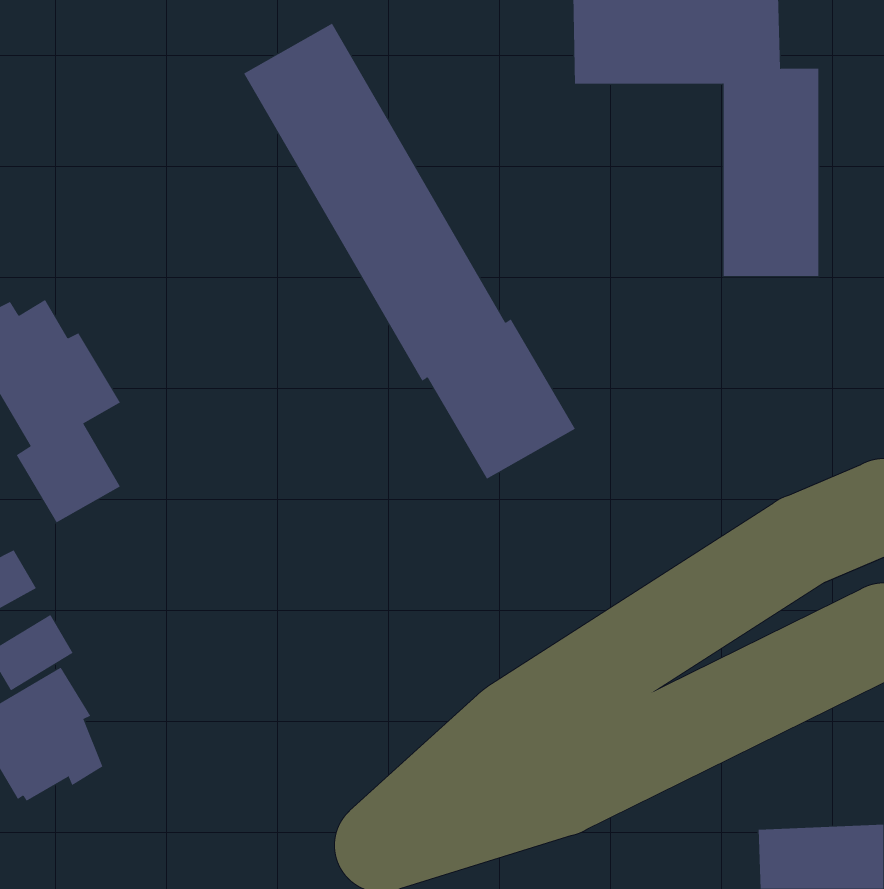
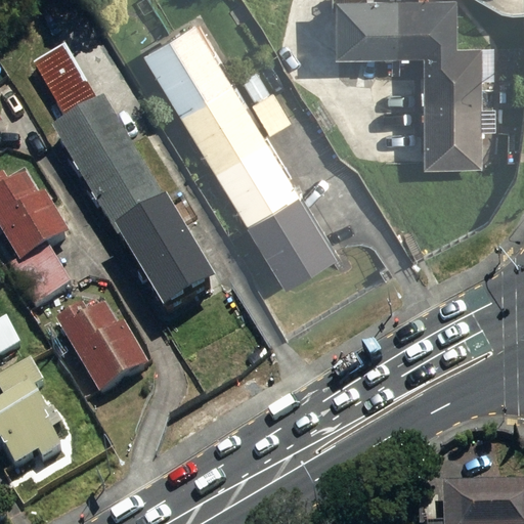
building: none -> [31,45,96,120]
building: none -> [53,101,219,314]
building: none -> [56,298,149,395]

